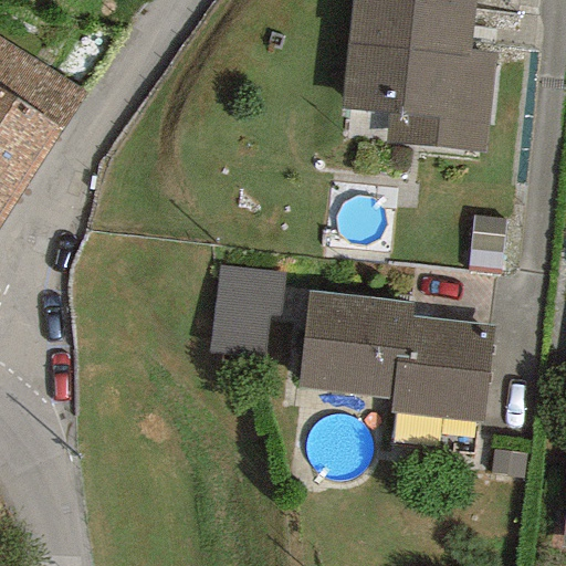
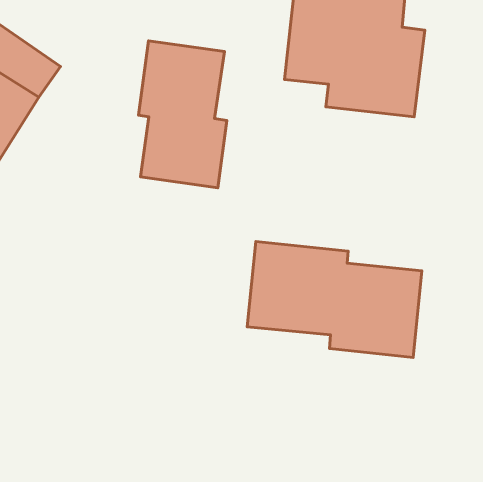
building: none -> [138,41,227,188]
building: [209,264,285,360] -> none

